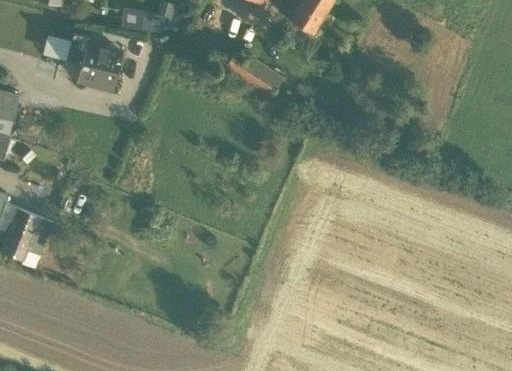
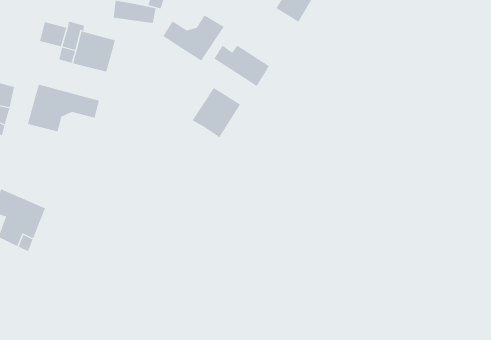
building: none -> [163,14,224,62]
building: none -> [27,84,100,132]
building: none -> [192,87,241,138]

